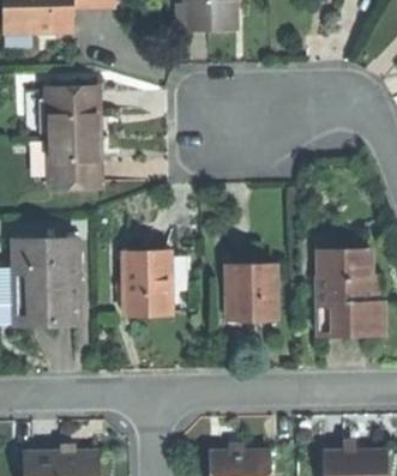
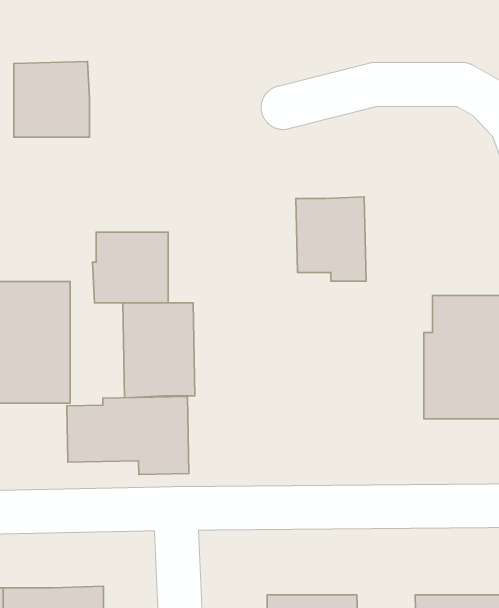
building: [43,139,95,187] -> [93,232,168,303]
building: [222,264,270,321] -> [296,197,366,281]
building: none -> [67,397,189,474]

